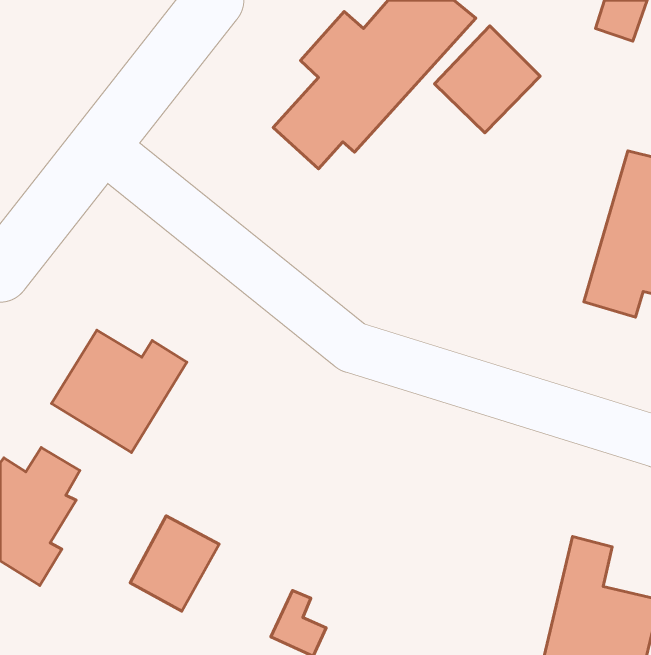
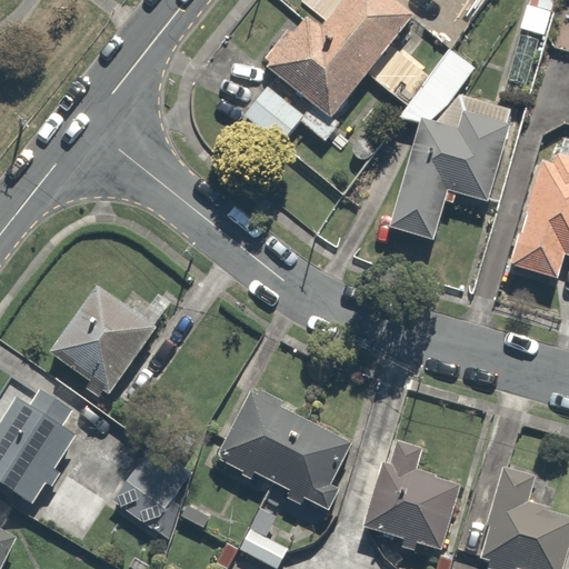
building: none -> [388,113,512,241]
building: none -> [219,395,350,512]
building: none -> [360,437,458,546]

